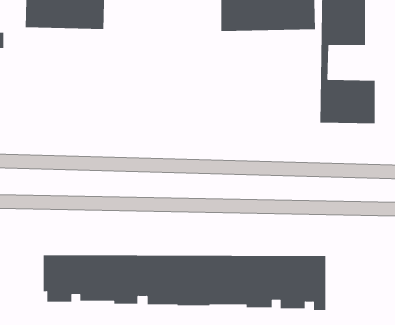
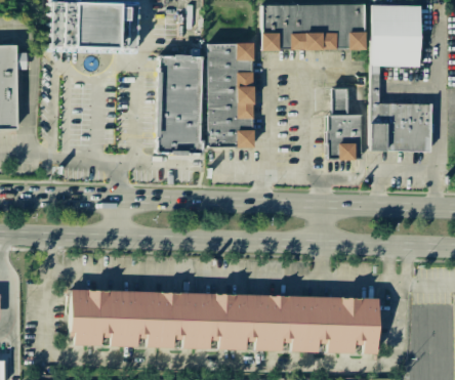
building: none -> [208,43,253,146]
building: none -> [156,55,202,154]
building: none -> [327,88,362,159]

